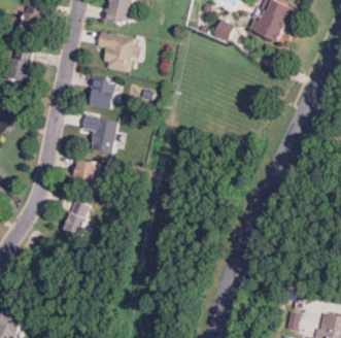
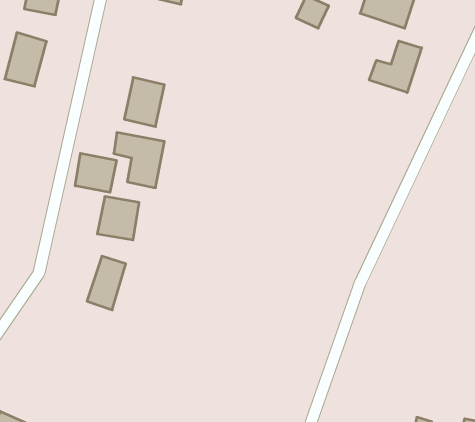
building: [98,32,139,72] -> none
building: none -> [369,41,422,93]
building: none -> [75,153,116,192]

